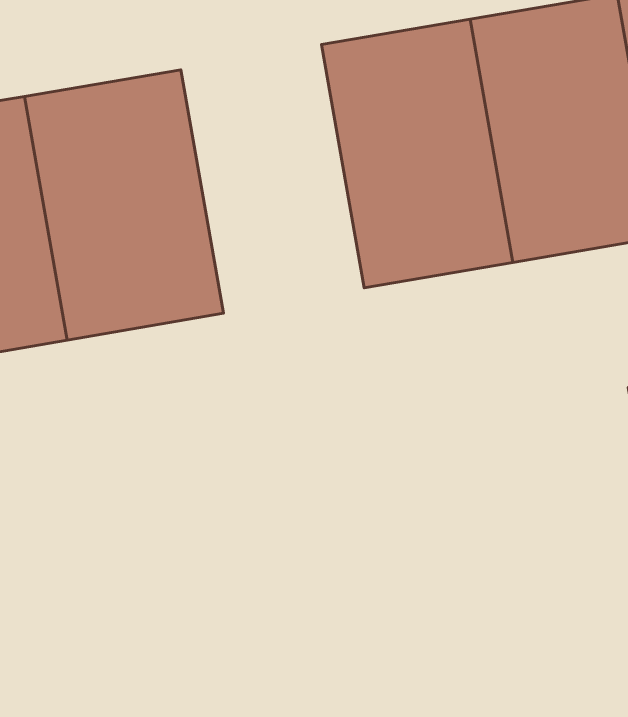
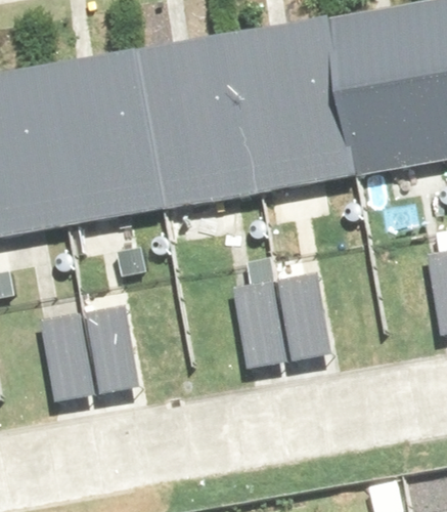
building: none -> [146,34,265,208]
building: none -> [233,273,330,358]
building: none -> [44,307,142,392]

